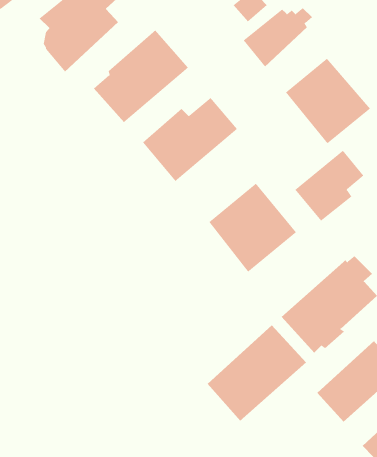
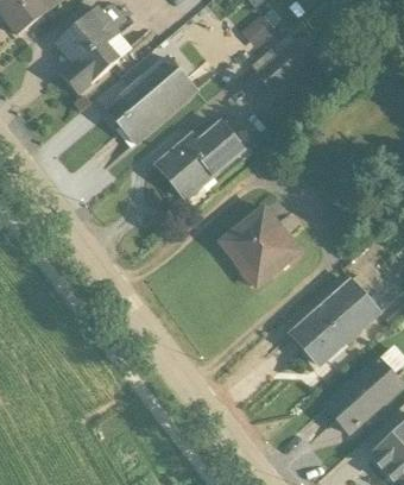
building: [285,58,371,144] -> none
building: [295,150,364,222] -> none
building: [207,324,307,422] -> none

